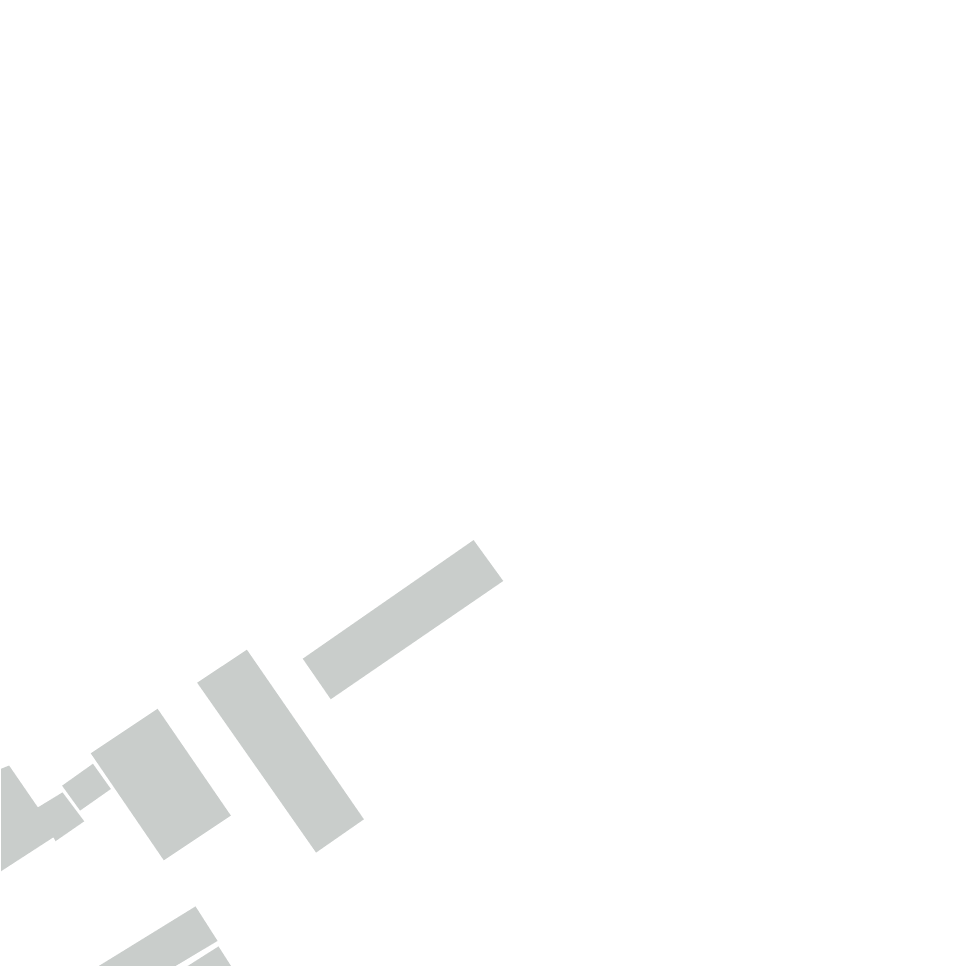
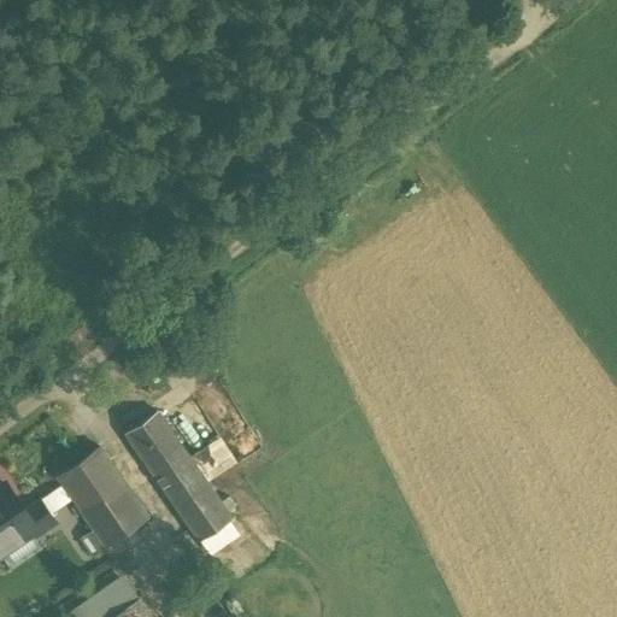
building: [301,539,505,701] -> none

